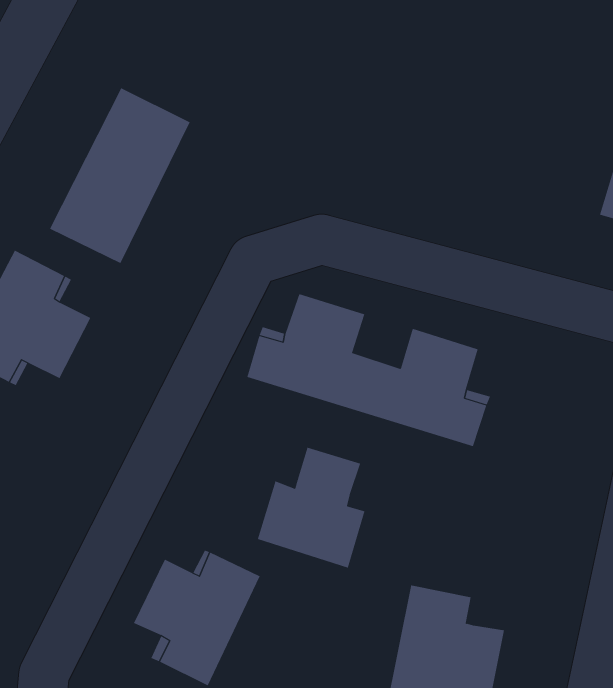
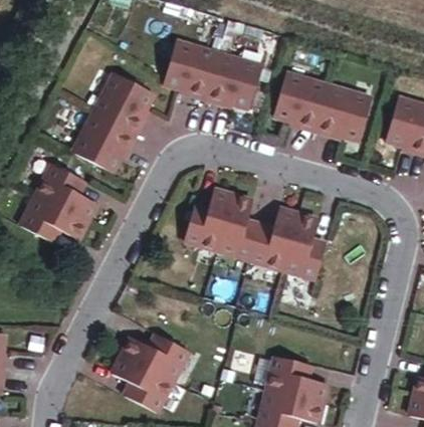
building: none -> [162,41,260,109]
building: none -> [273,74,371,141]
building: [257,447,365,568] -> none

